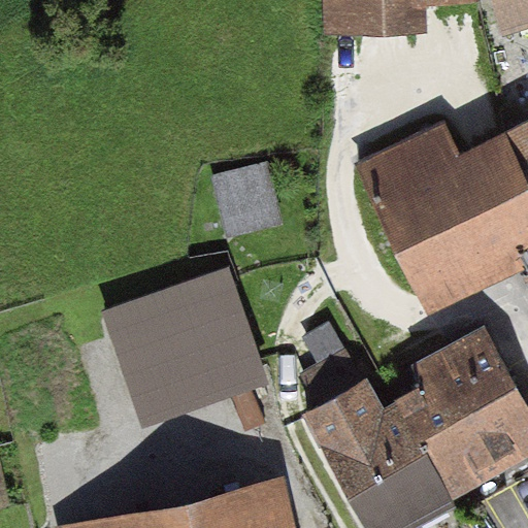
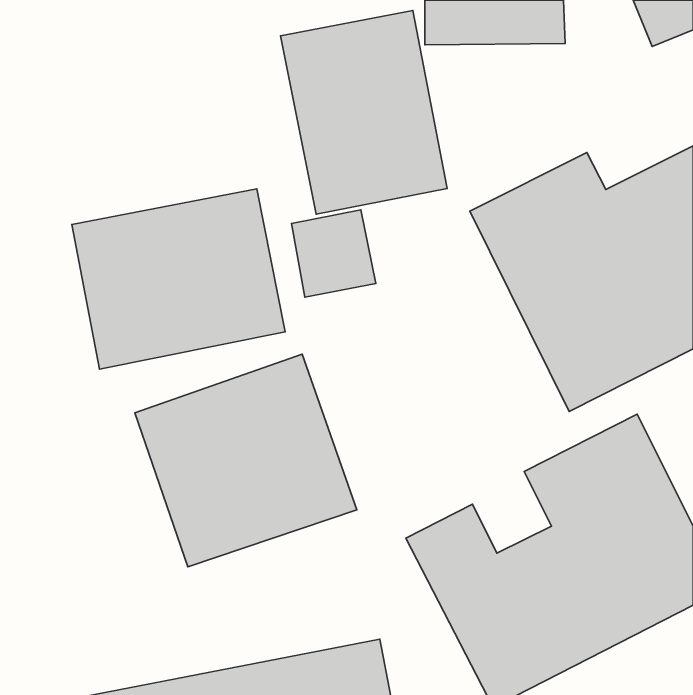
building: none -> [280,10,447,214]
building: none -> [72,189,285,369]

